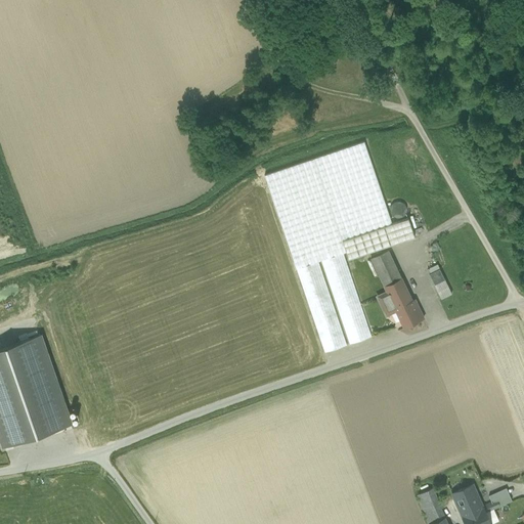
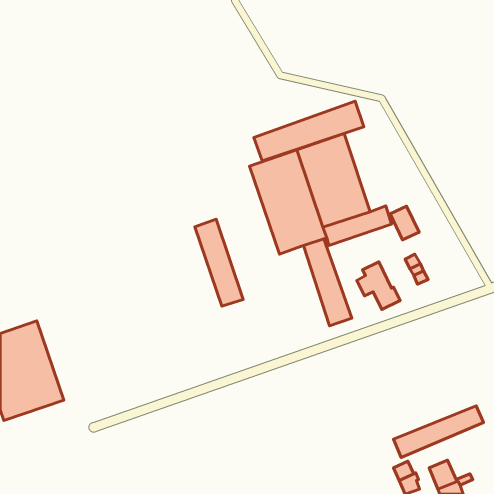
building: none -> [254,101,364,161]
building: [370,250,401,286] -> [390,206,419,240]
building: [296,261,347,353] -> [195,219,243,306]
building: none -> [394,406,483,458]

